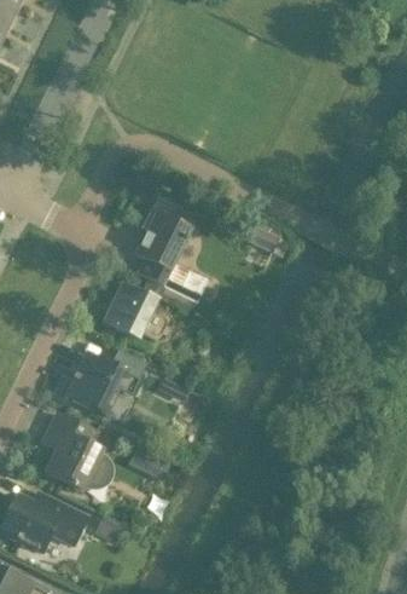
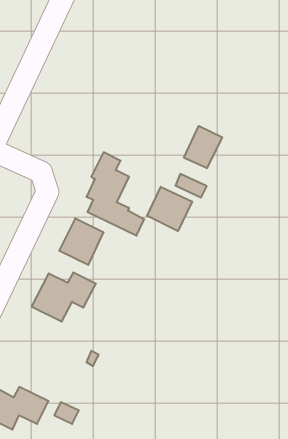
building: none -> [184,126,222,168]
building: none -> [147,187,192,231]
building: [41,413,114,489] -> none

